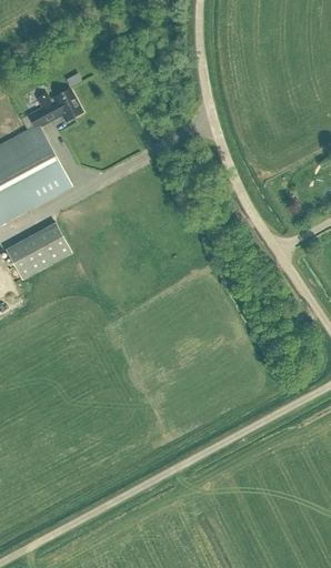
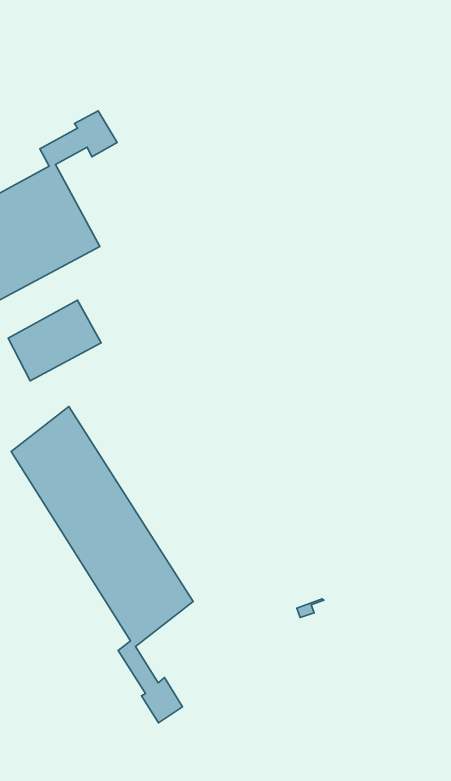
building: none -> [11,407,193,723]

